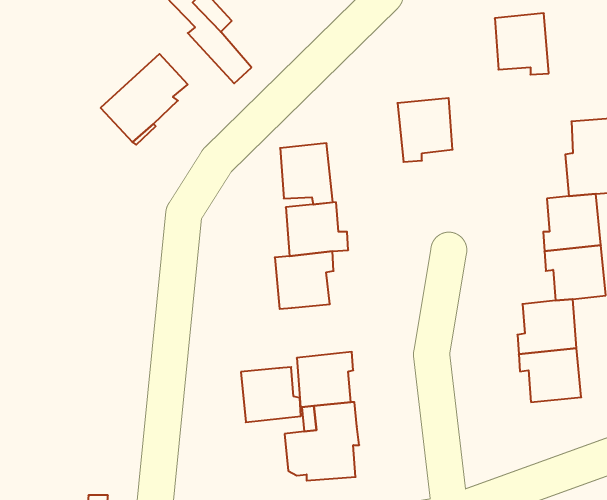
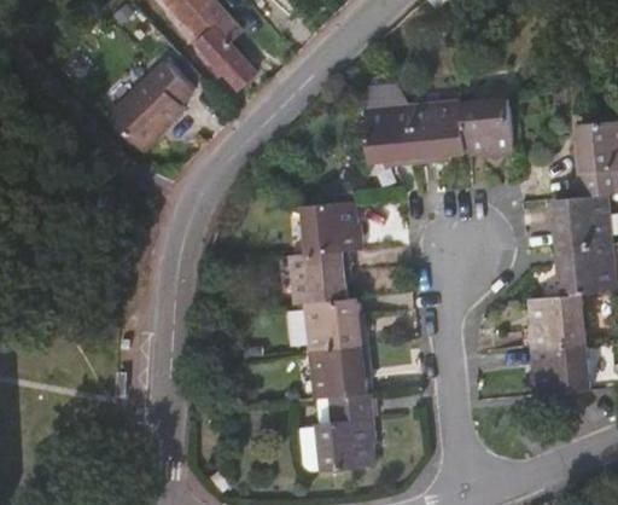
building: [495,13,549,75] -> [460,94,513,155]
building: [280,143,333,205] -> [363,104,415,164]
building: [241,367,301,422] -> [305,301,365,355]

